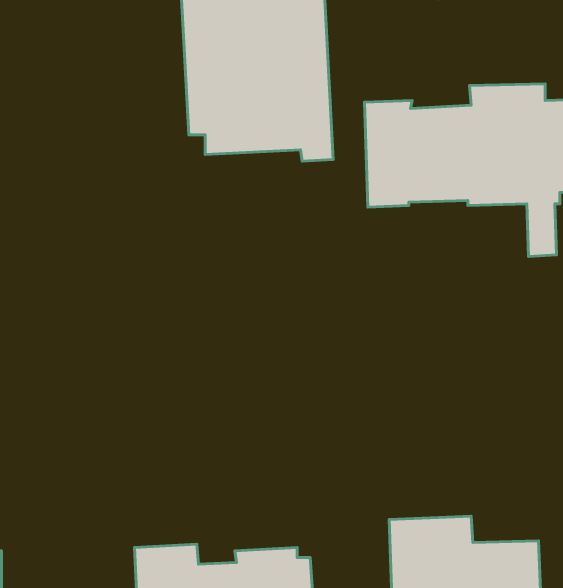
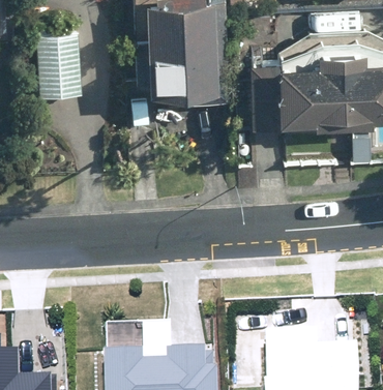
building: none -> [34,35,81,98]

